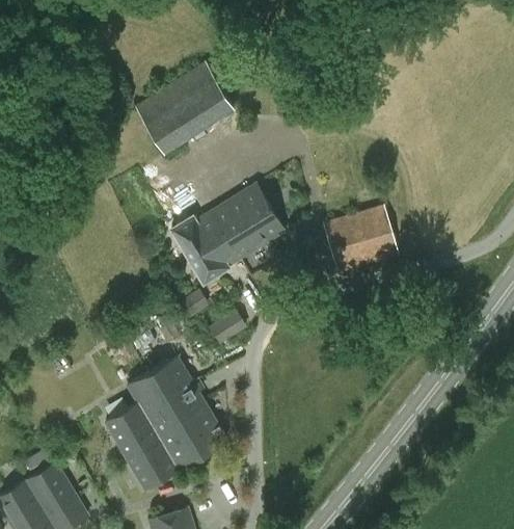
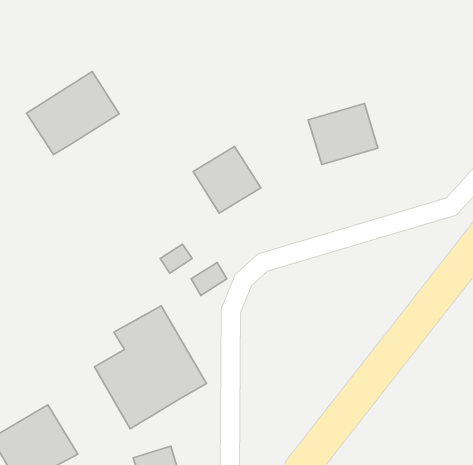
building: [136,63,236,153] -> [26,71,119,155]
building: [323,206,398,271] -> [308,104,378,164]
building: [171,212,240,282] -> none

